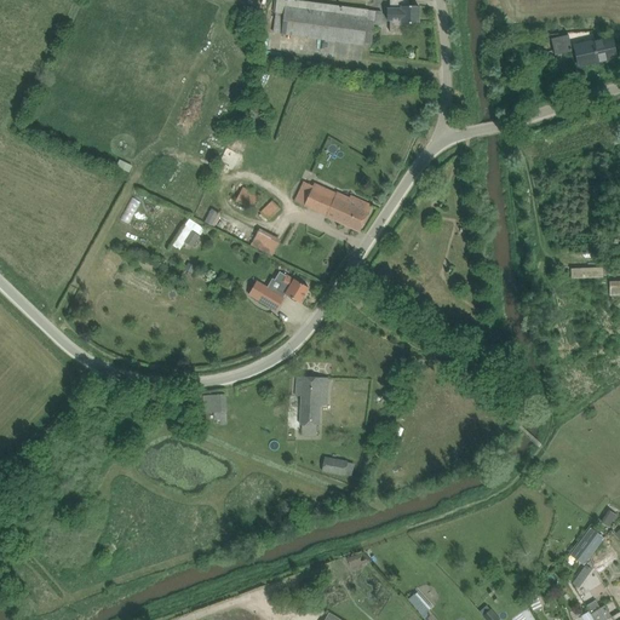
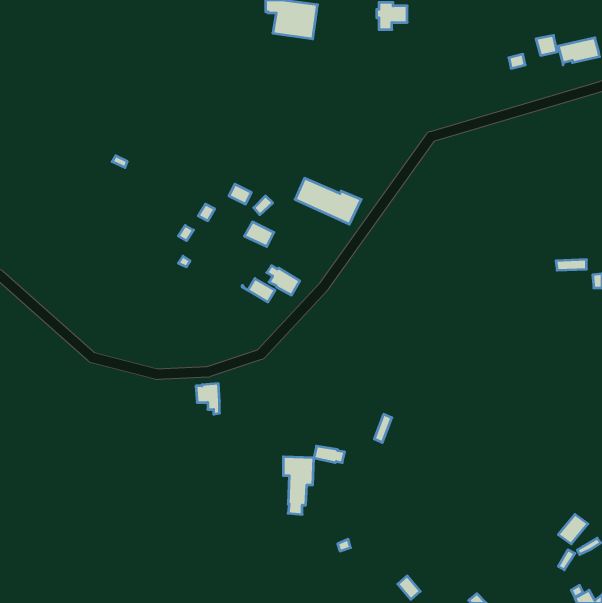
building: [321,5,374,45] -> none
building: [295,377,327,436] -> [283,457,314,514]

